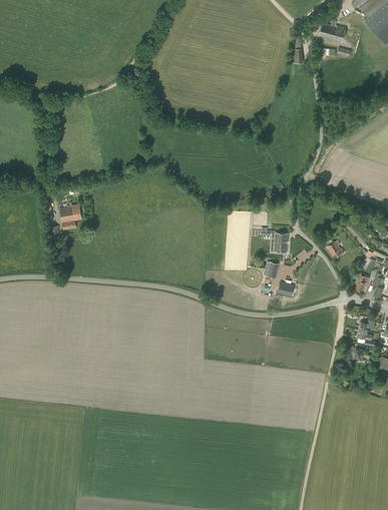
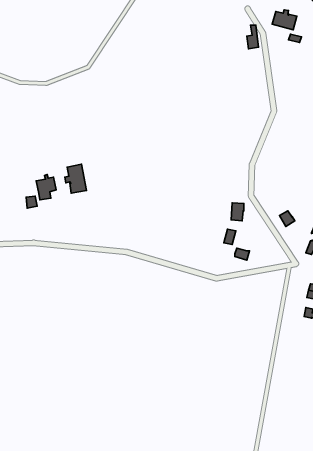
building: none -> [65,164,86,193]

